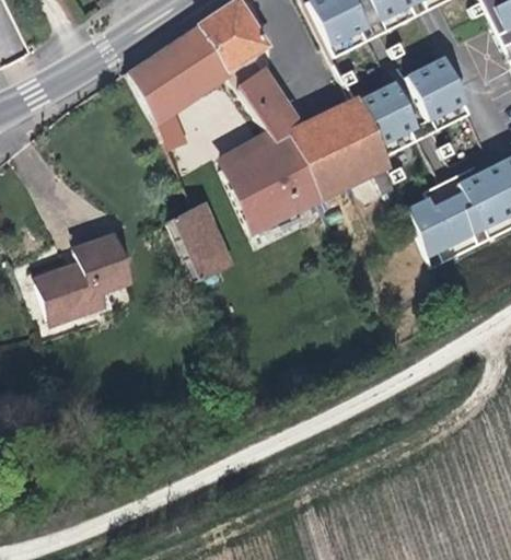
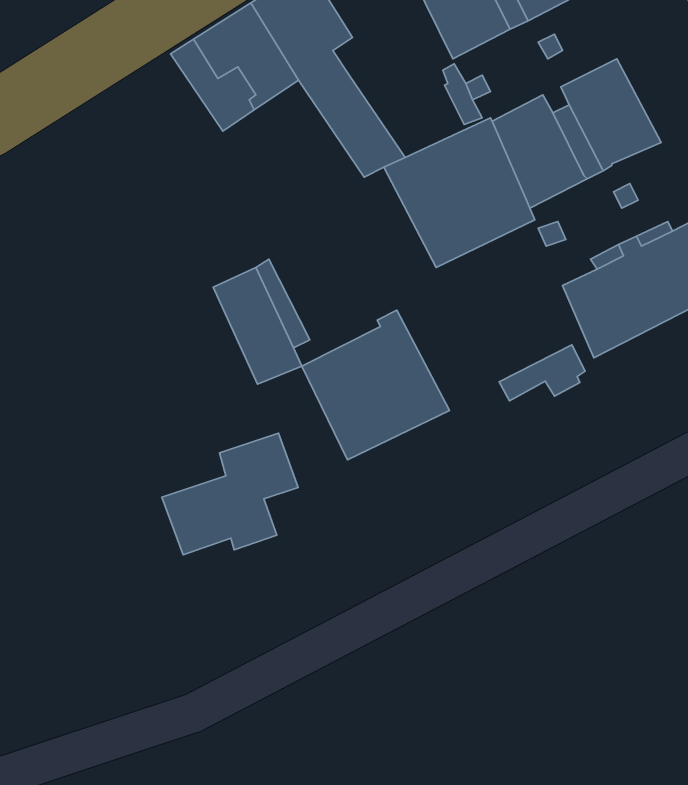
building: [126,56,182,147] -> none
building: [223,131,322,231] -> [302,310,449,460]
building: [40,230,131,311] -> [162,433,298,555]
building: none -> [499,345,585,401]

